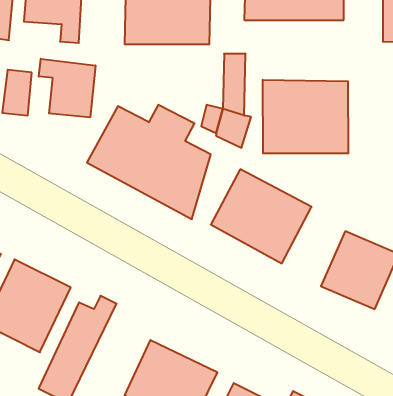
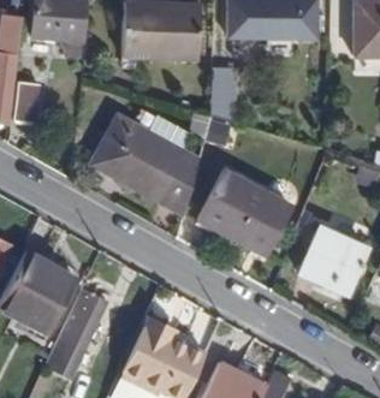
building: [39,59,95,117] -> none
building: [263,80,348,153] -> none

